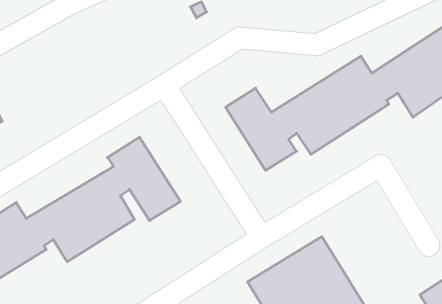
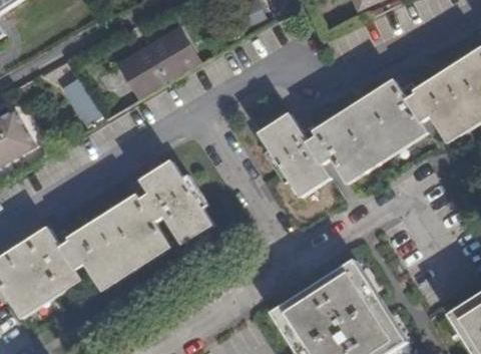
building: none -> [113,30,193,101]
building: none -> [62,75,105,126]

